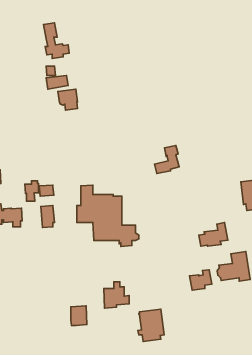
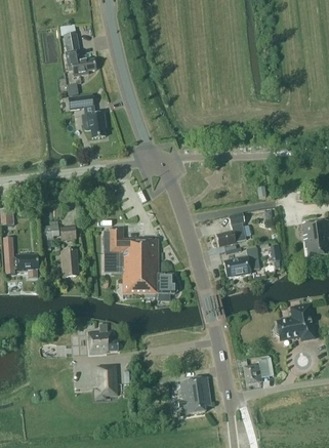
building: [154,145,179,173] -> [216,212,246,246]
building: [199,222,228,246] -> [225,246,260,275]
building: [190,270,212,290] -> [243,360,270,384]
building: [104,282,129,308] -> [87,322,118,354]

